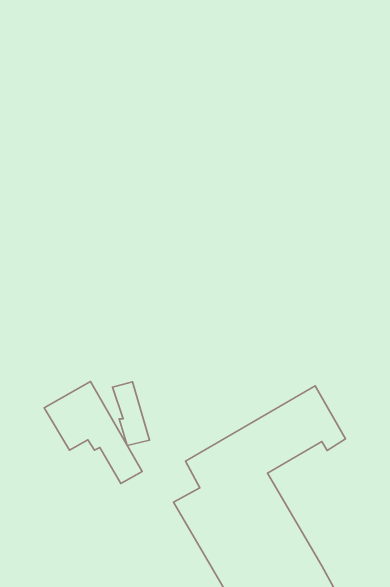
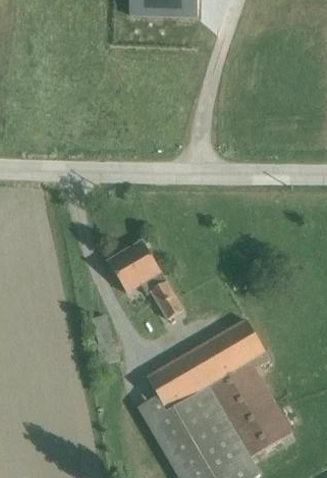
building: [44,381,142,483] -> [108,241,183,319]
building: none -> [210,361,293,457]

